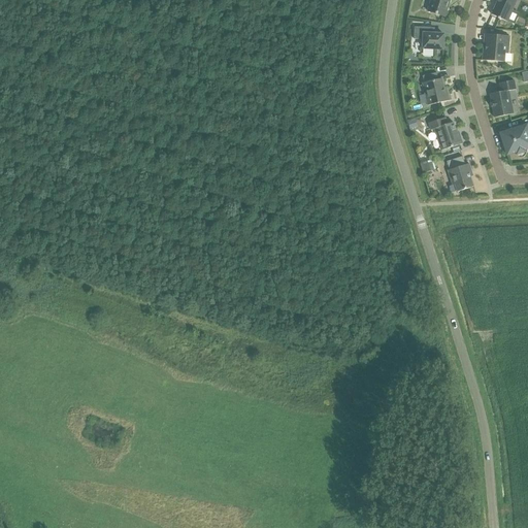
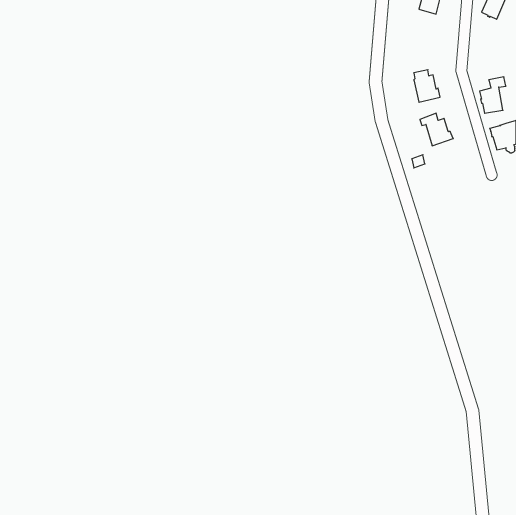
building: [414,25,443,47] -> none
building: [482,33,508,61] -> none
building: [446,155,472,190] -> none

